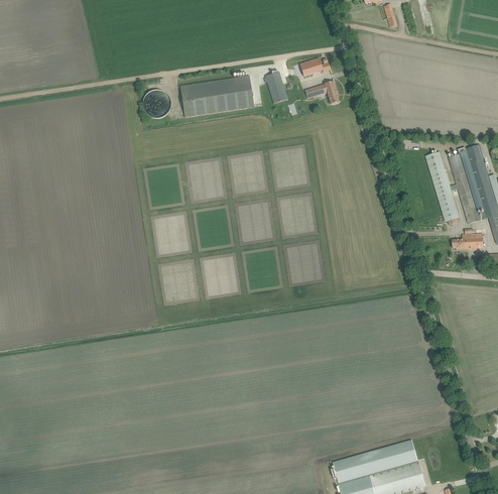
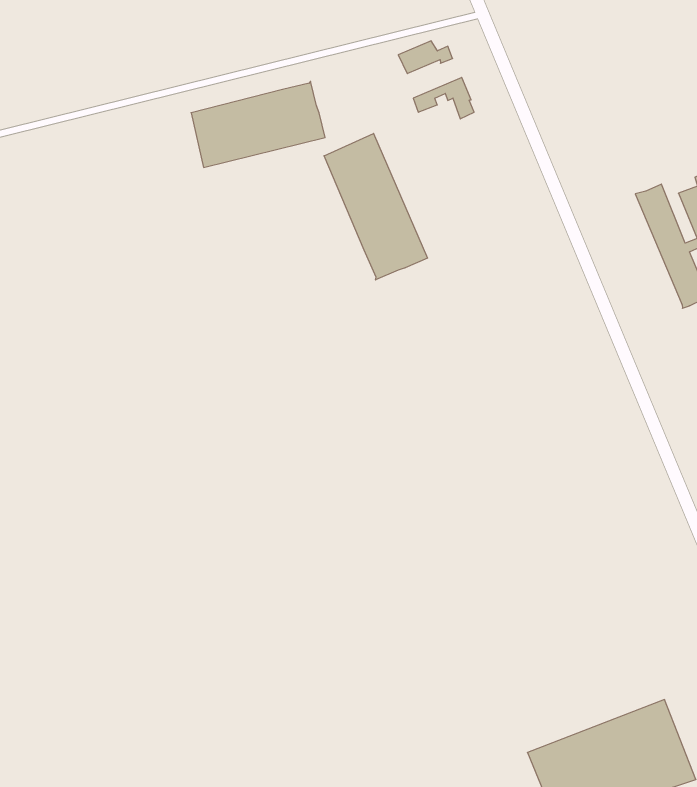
building: [265,72,288,104] -> none
building: [143,91,169,118] -> none
building: none -> [324,133,428,280]

